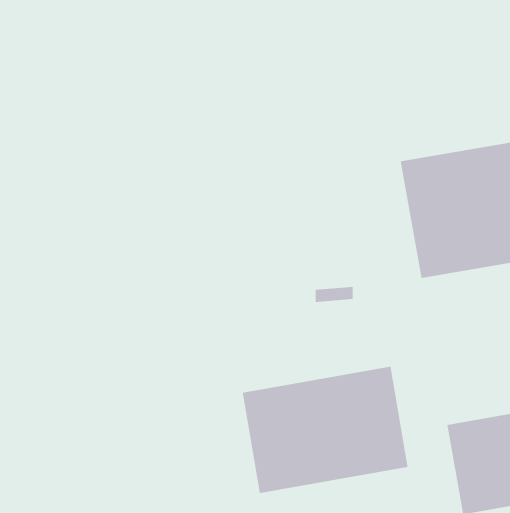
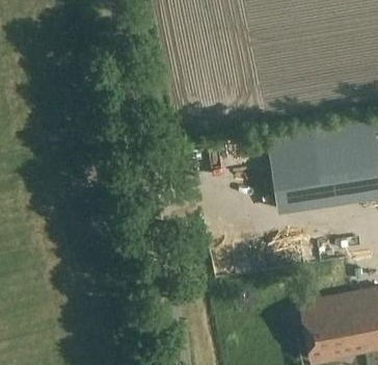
building: [242,366,408,494] -> none

